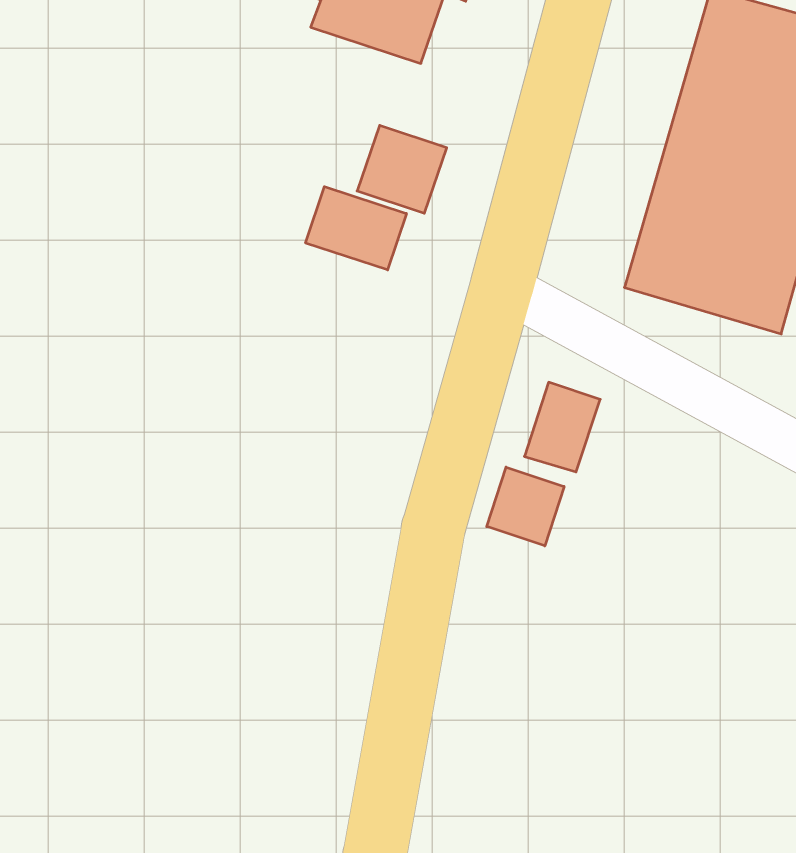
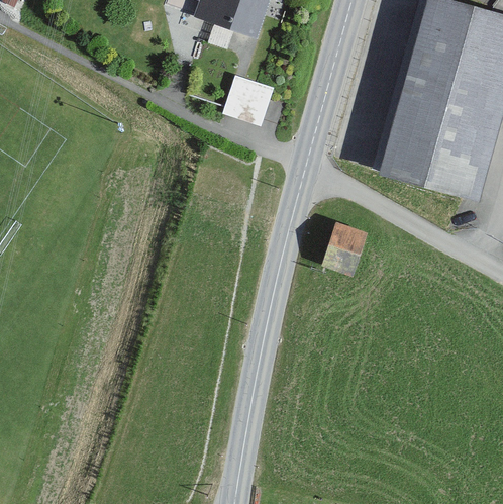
building: [306,187,406,270] -> none
building: [487,467,564,546] -> none

